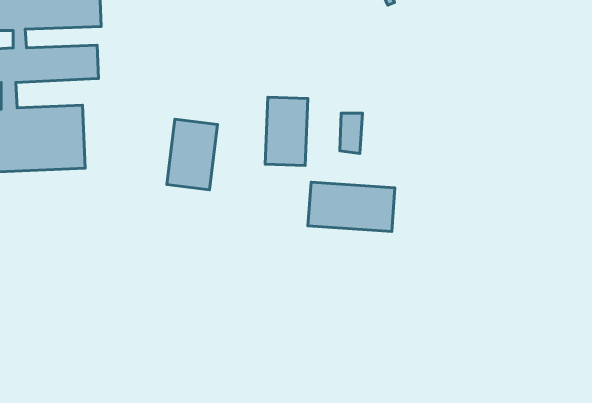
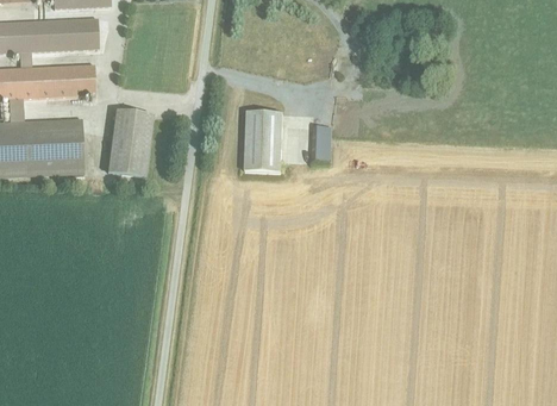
building: [167,119,217,190] -> [107,112,152,175]
building: [308,182,395,231] -> none

